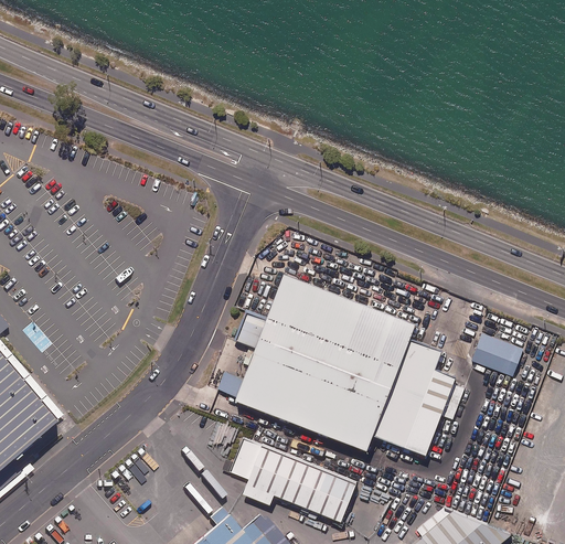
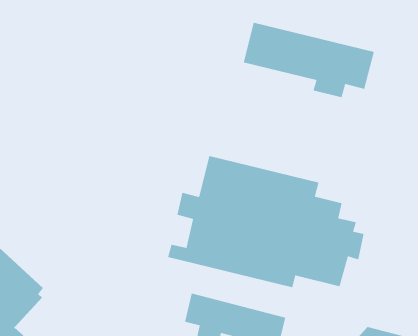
building: none -> [243,22,375,98]
building: [473,331,523,373] -> none

